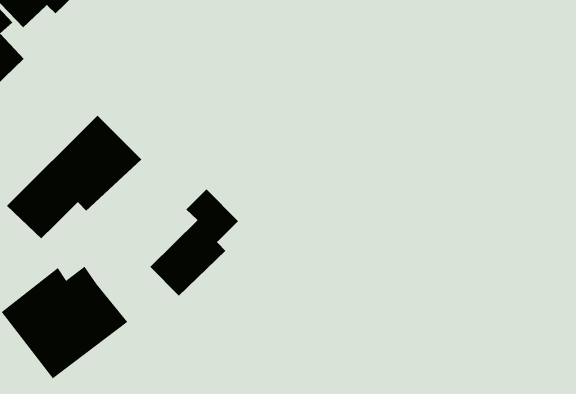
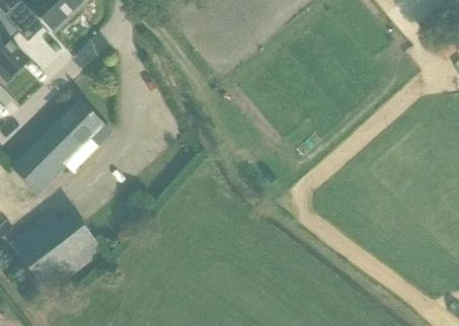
building: [149,189,239,297] -> none

